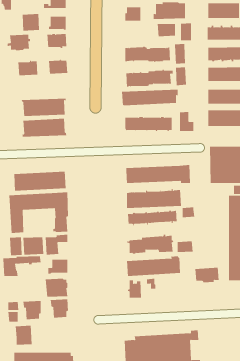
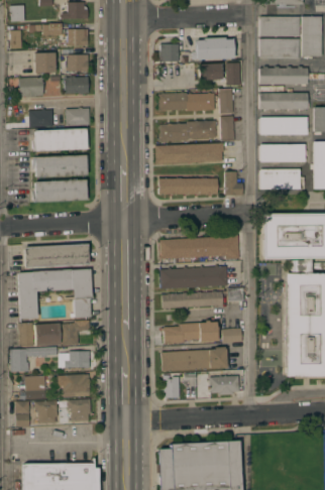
building: none -> [33,129,89,152]
building: [195,267,219,283] -> [209,376,239,395]
building: [15,325,32,345] -> [25,376,46,400]

